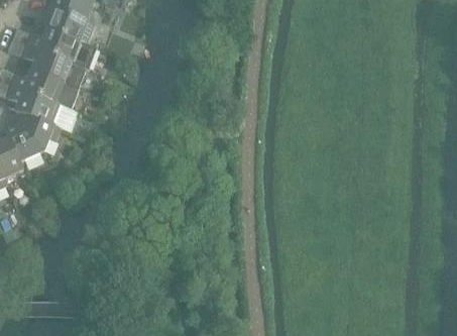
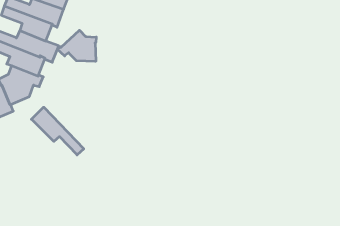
building: none -> [57,30,96,61]
building: none -> [31,107,84,155]

